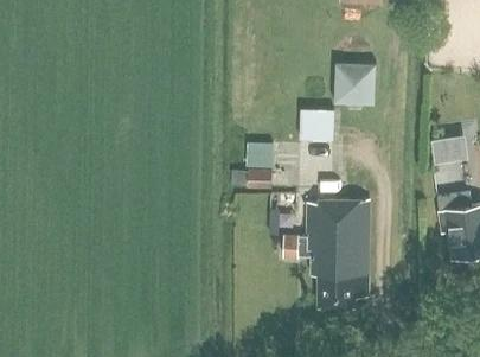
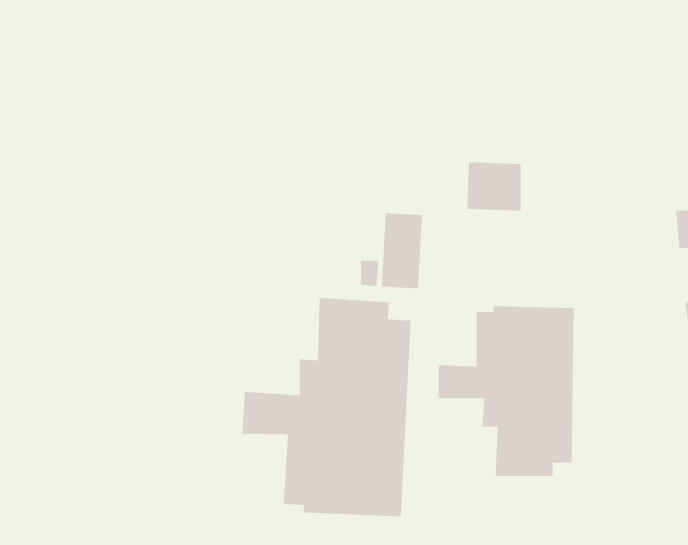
building: [338,64,376,101] -> none
building: none -> [242,297,411,517]

